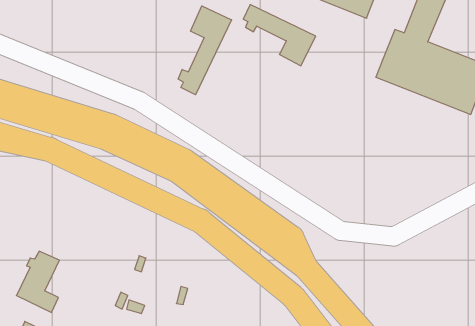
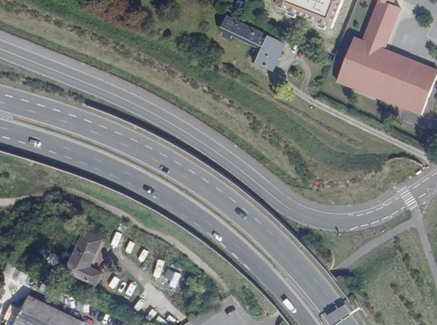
building: [178,6,232,95] -> none
building: [16,251,59,312] -> [63,231,101,285]

